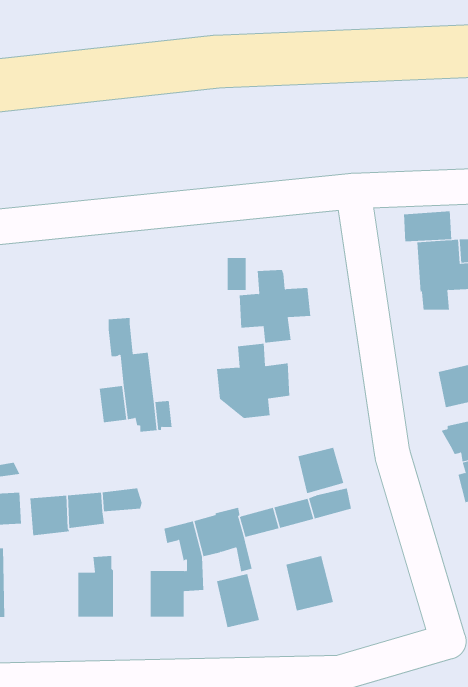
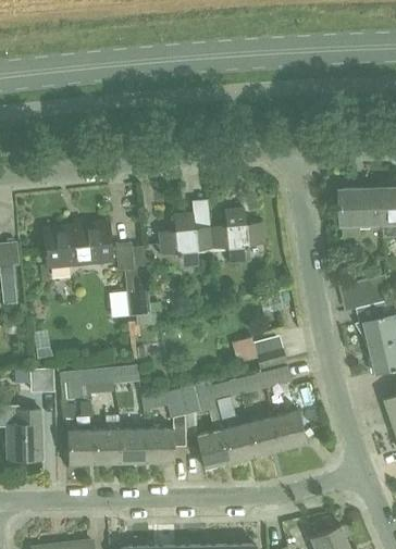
building: [404,211,452,242] -> none
building: none -> [44,223,111,266]
building: [216,343,290,418] -> [158,213,211,267]
building: none -> [270,409,305,449]
building: none -> [216,422,251,462]
building: none -> [120,426,146,460]
building: none -> [65,427,94,460]

